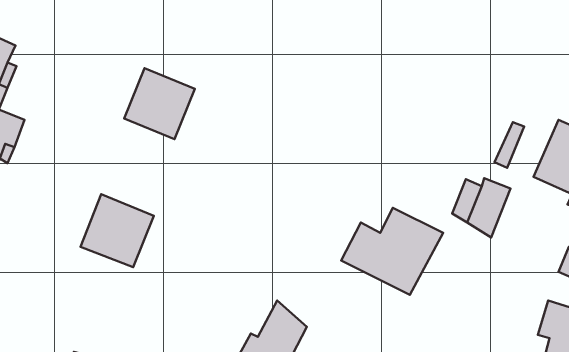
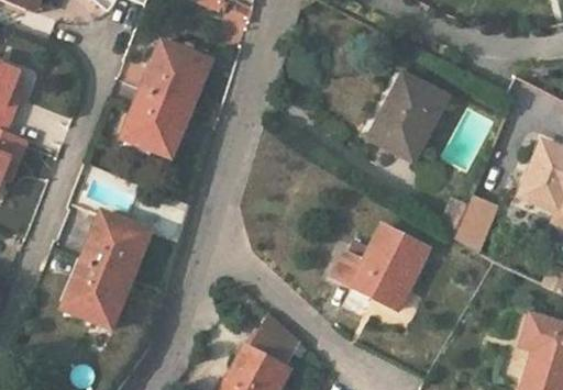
building: none -> [143,41,211,110]
building: none -> [369,71,449,161]
building: none -> [62,261,132,330]

